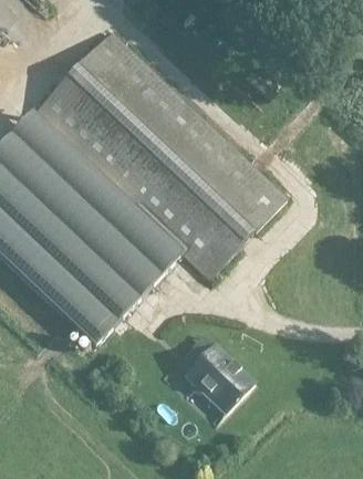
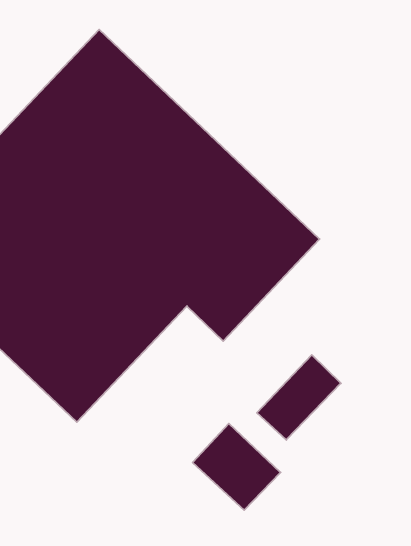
building: none -> [257,355,341,440]

